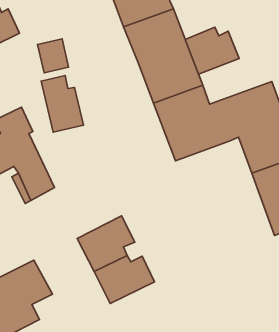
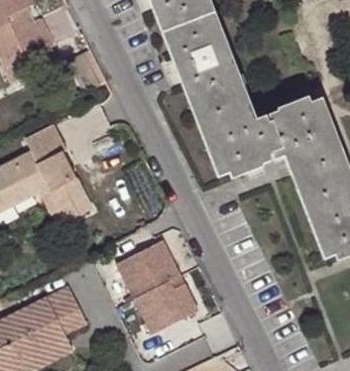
building: [185,27,239,74] -> none
building: [41,76,83,132] -> none

